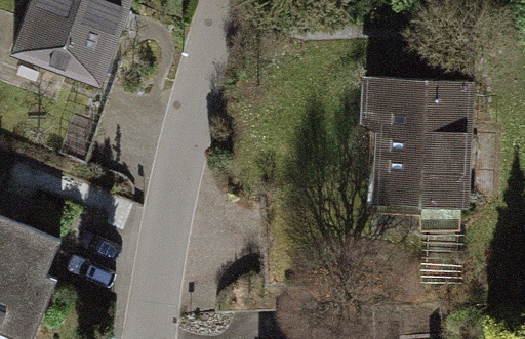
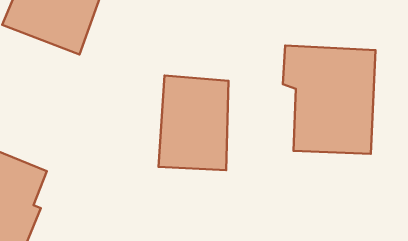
building: none -> [158,75,229,170]

